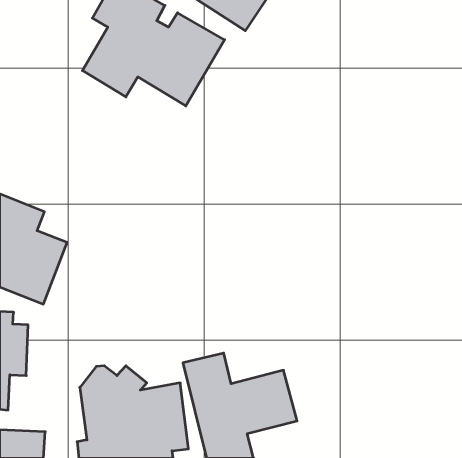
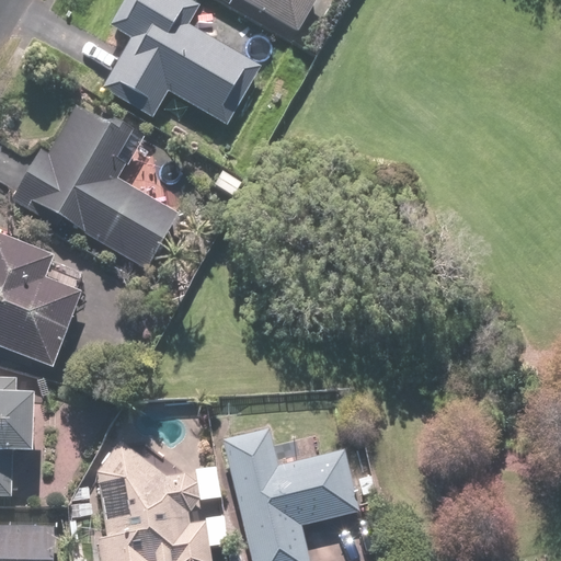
building: none -> [9,105,181,273]

